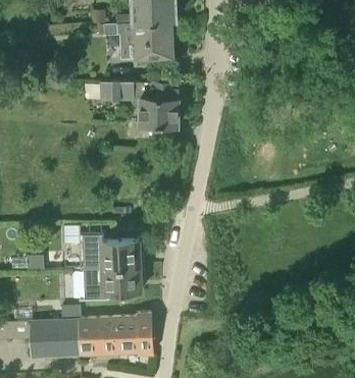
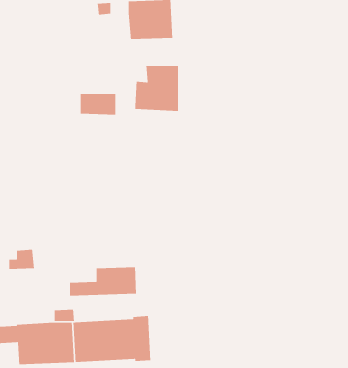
building: [101,77,135,98] -> [80,93,116,115]
building: [83,234,139,273] -> none

